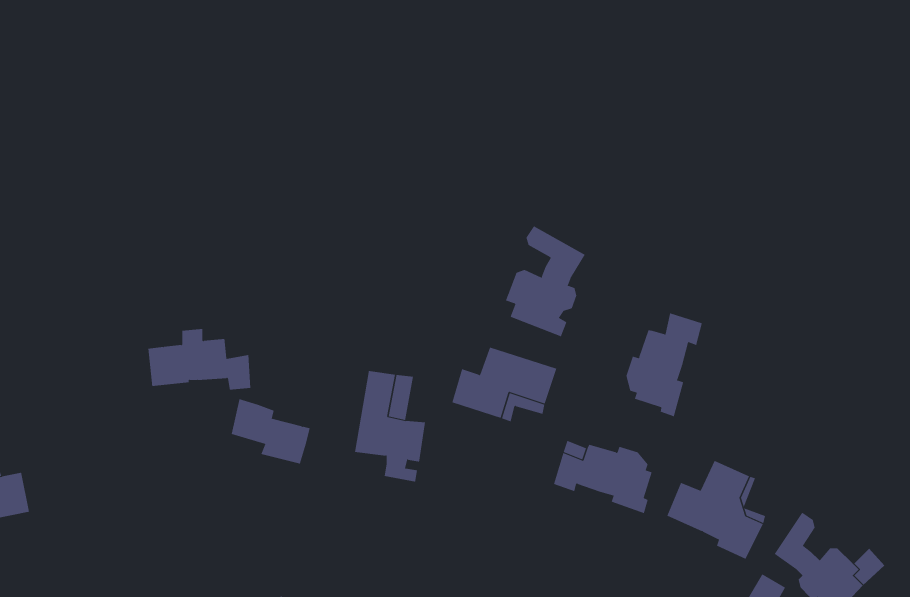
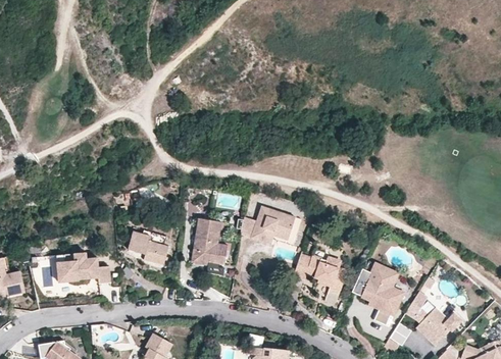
building: [505,226,585,337] -> none
building: [626,313,703,417] -> none
building: [148,329,251,390] -> [56,253,109,285]

